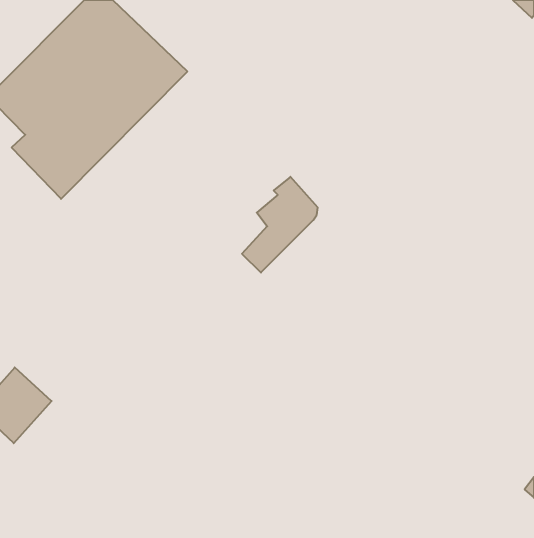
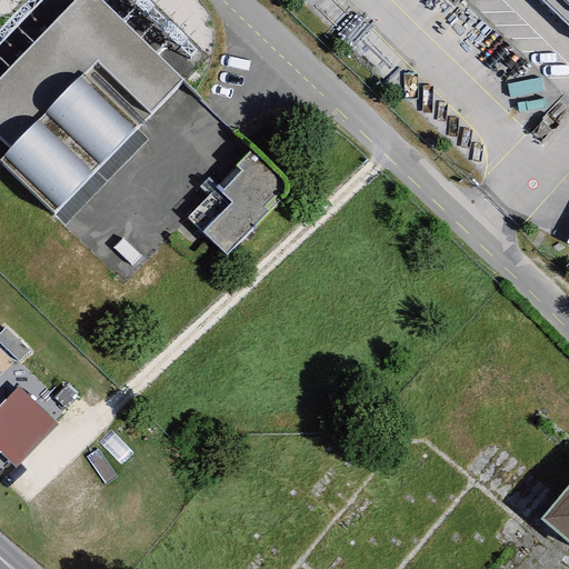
building: [242,177,318,273] -> [190,147,270,248]

